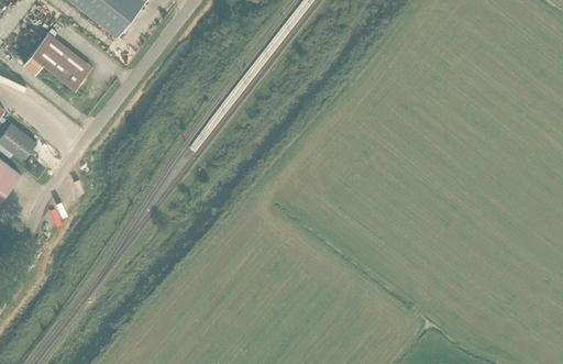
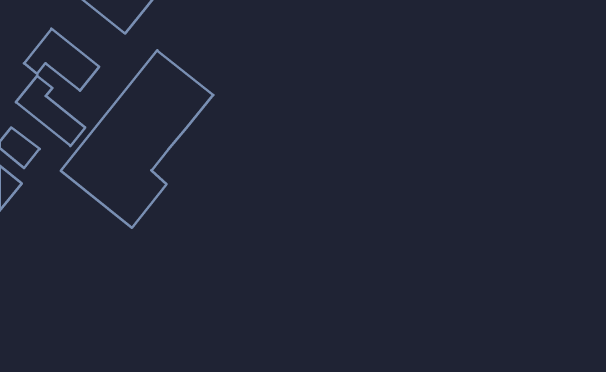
building: none -> [61,50,213,228]
building: none -> [16,76,85,146]

